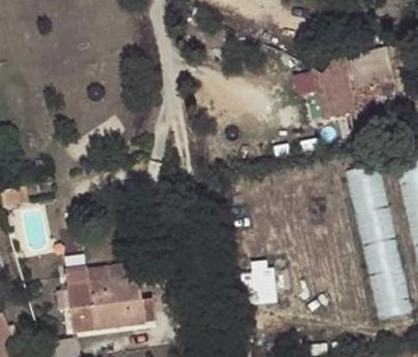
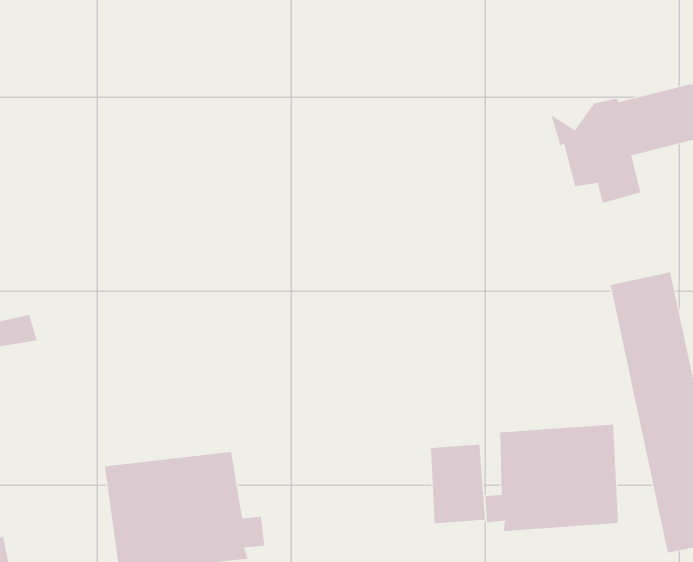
building: none -> [485,424,619,532]

